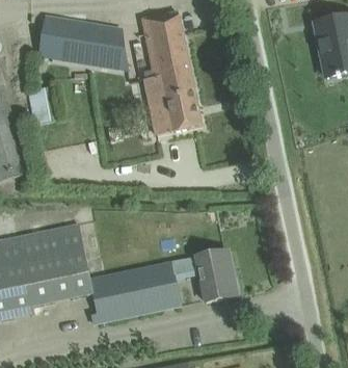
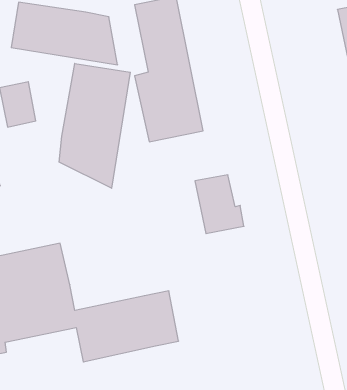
building: none -> [59,63,130,188]
building: [195,252,237,301] -> [195,175,244,234]

